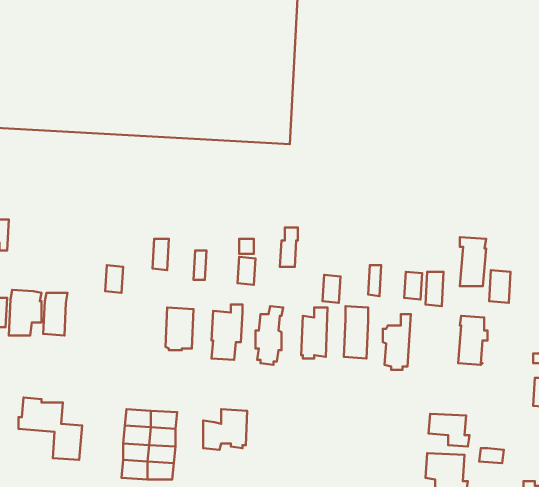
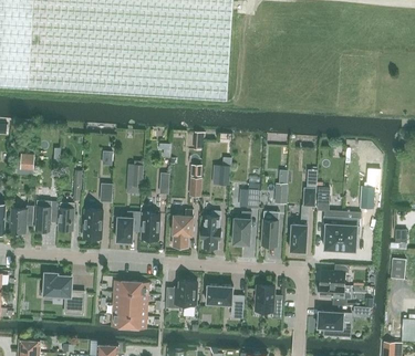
building: [460,237,486,286] -> [323,217,341,250]
building: none -> [83,209,102,241]
building: none -> [114,212,139,245]
building: none -> [320,264,349,285]
building: none -> [205,285,243,312]
building: none -> [253,285,280,318]

